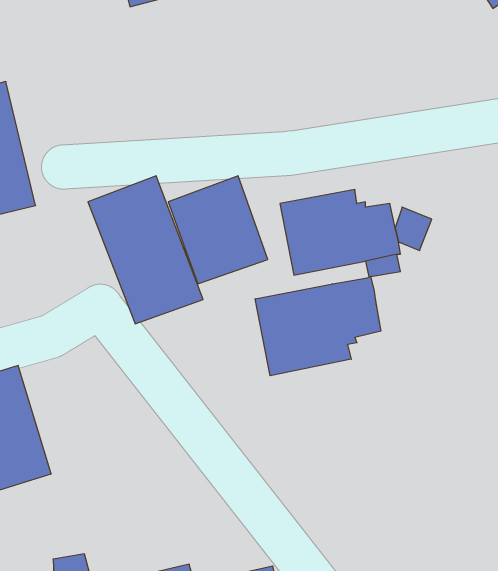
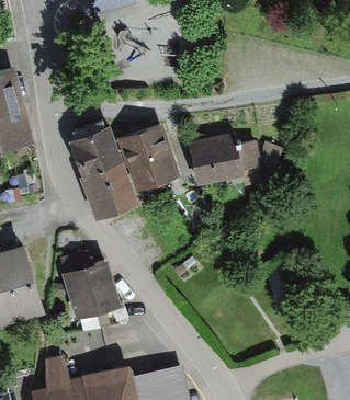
building: [255,276,381,376] -> none
building: none -> [59,259,127,329]

